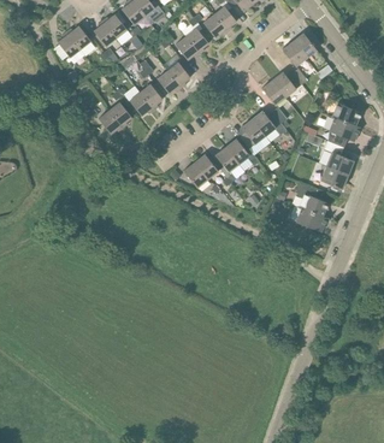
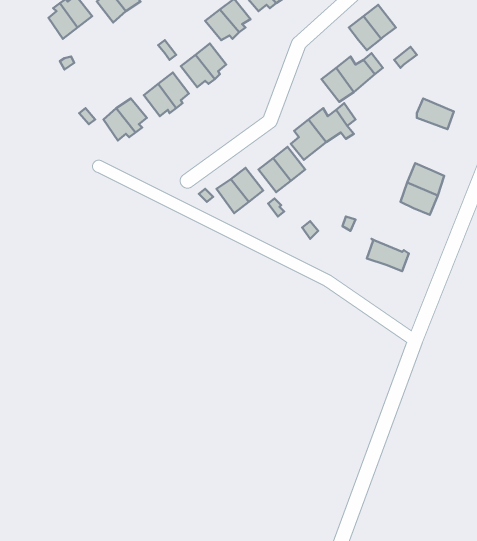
building: [329,117,360,147] -> none
building: [296,182,327,217] -> none

